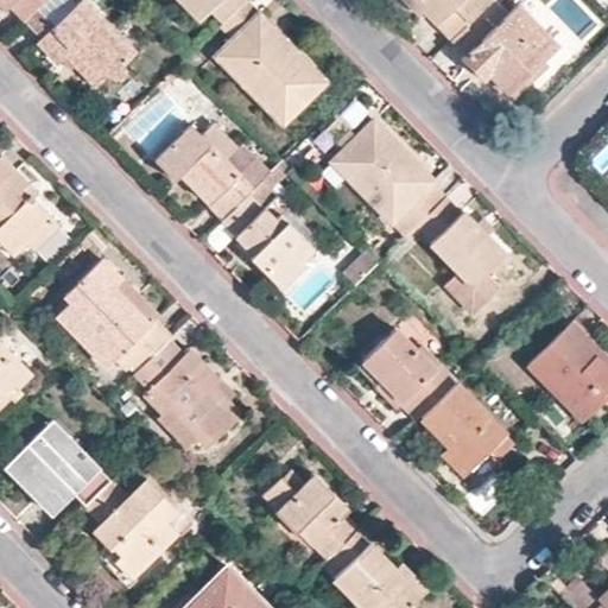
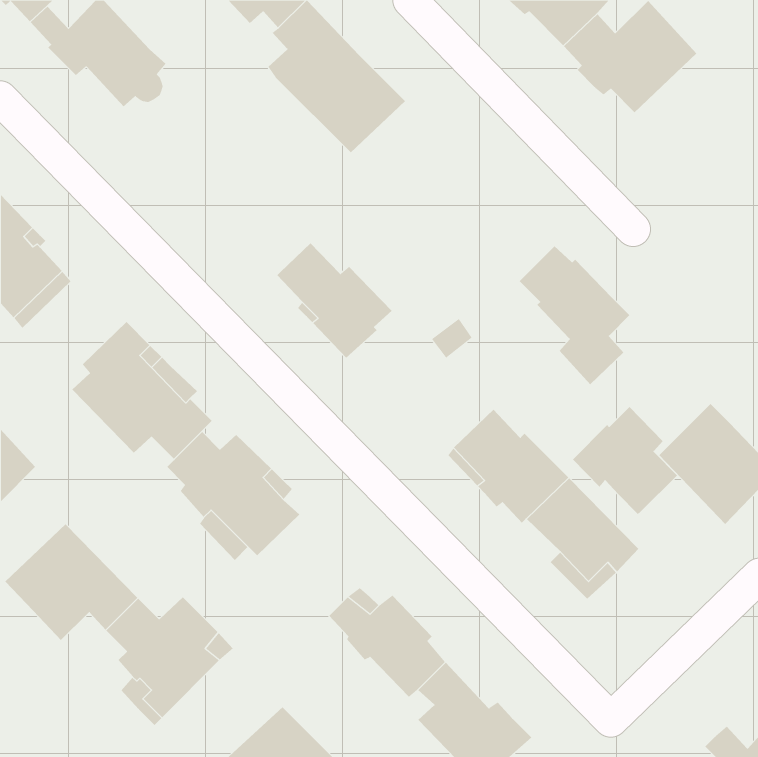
building: [331,121,444,238] -> none
building: [157,125,271,220] -> none
building: none -> [572,406,678,515]

